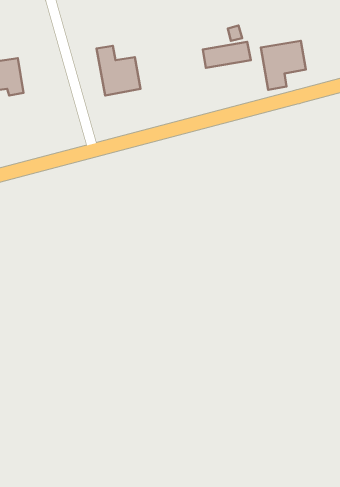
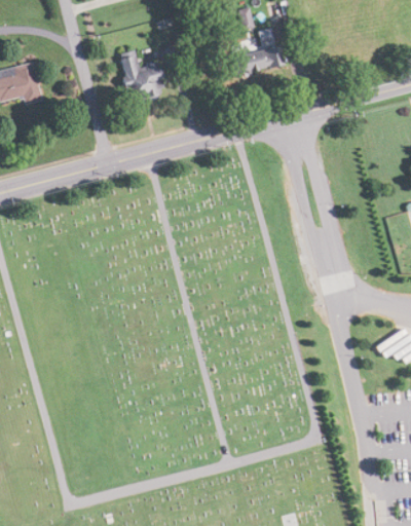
building: [261,41,306,90] -> none

